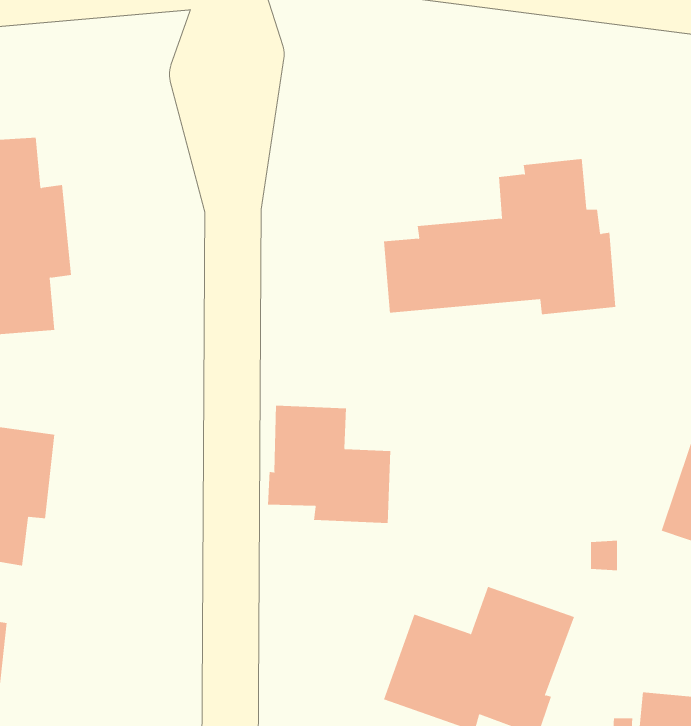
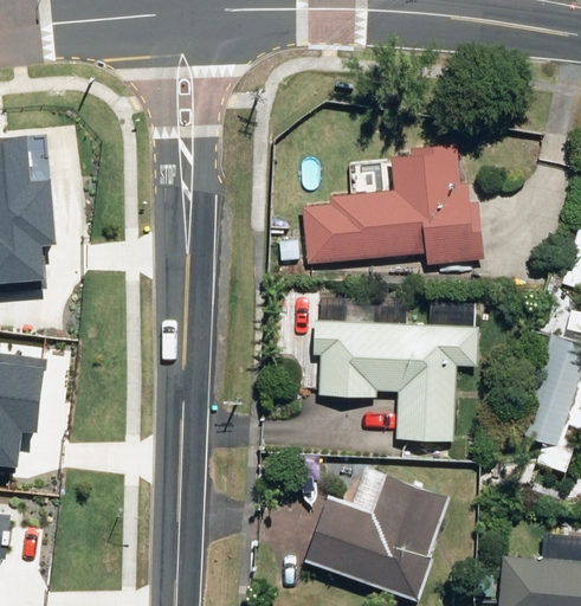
building: none -> [311,299,478,443]
building: [268,405,391,524] -> none

